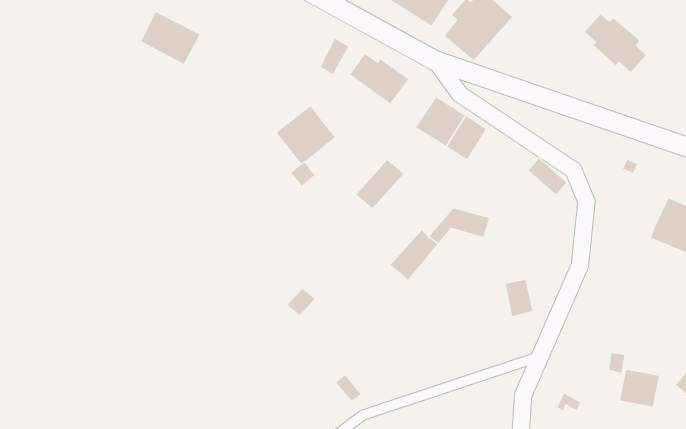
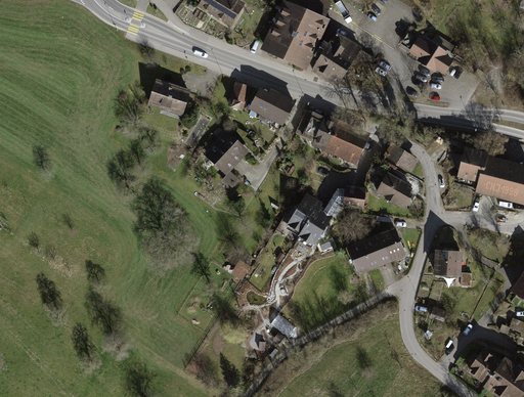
building: [140,12,200,64] -> [148,81,189,115]
building: none -> [342,131,365,161]
building: [355,160,404,209] -> [288,196,319,232]
building: none -> [453,149,486,180]
building: none -> [377,174,409,208]
building: none -> [349,236,389,270]
building: [619,369,660,407] -> [434,252,460,275]

